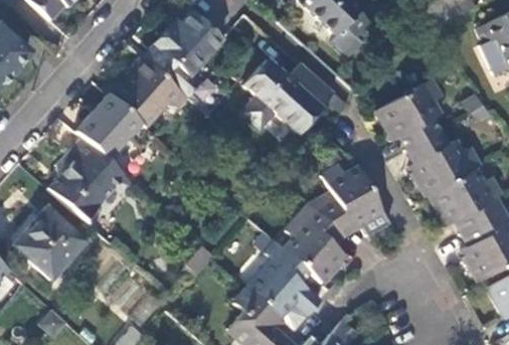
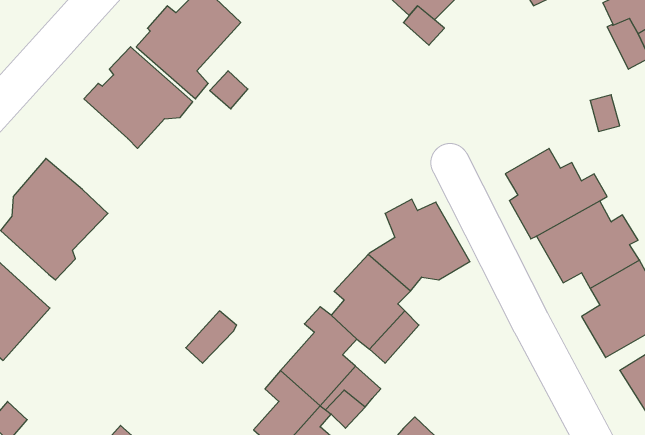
building: [242,61,330,130] -> none
building: [377,81,440,149] -> none
building: [72,96,138,160] -> none

